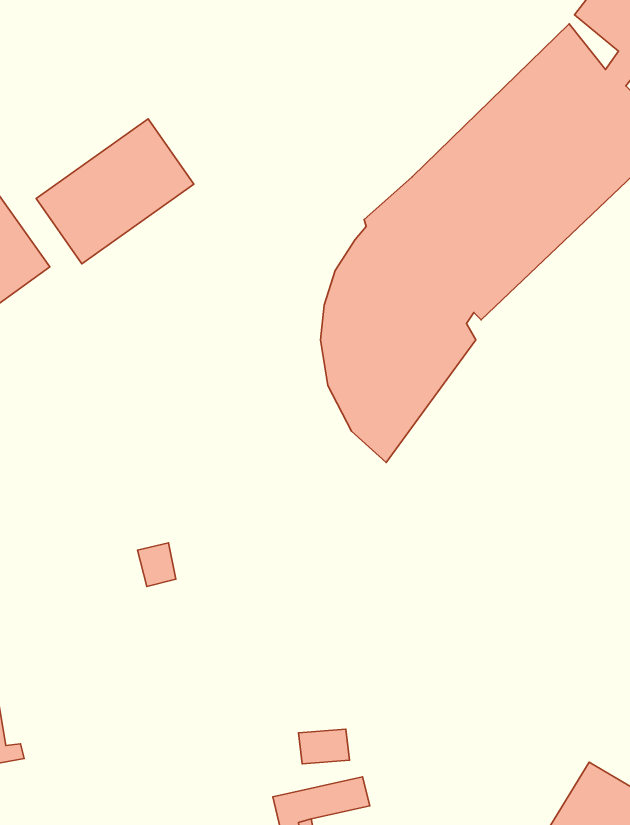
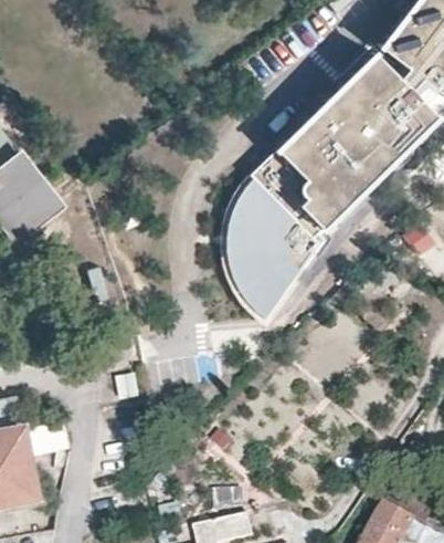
building: [36,119,194,264] -> none

